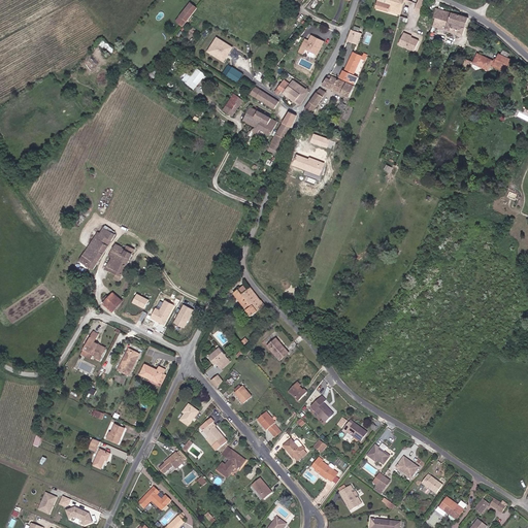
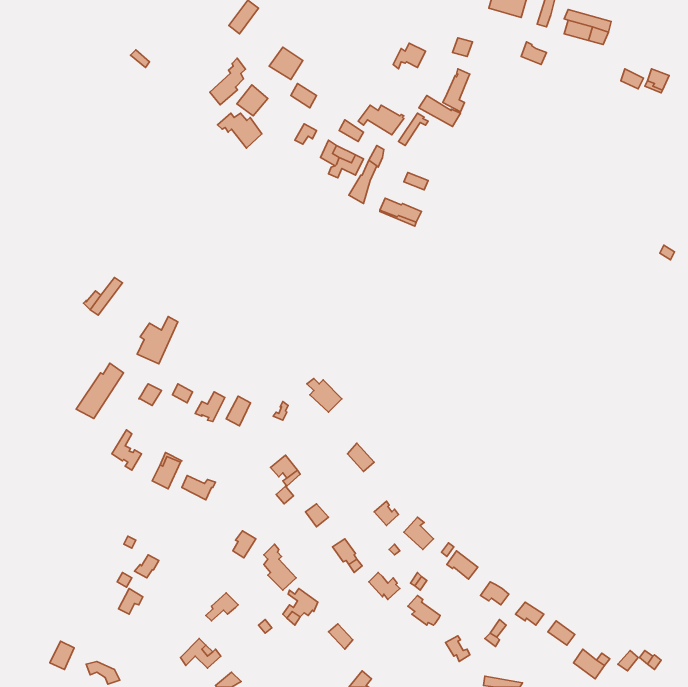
building: none -> [210,58,245,105]
building: none -> [218,113,262,148]
building: [78,229,114,271] -> [76,363,123,419]

